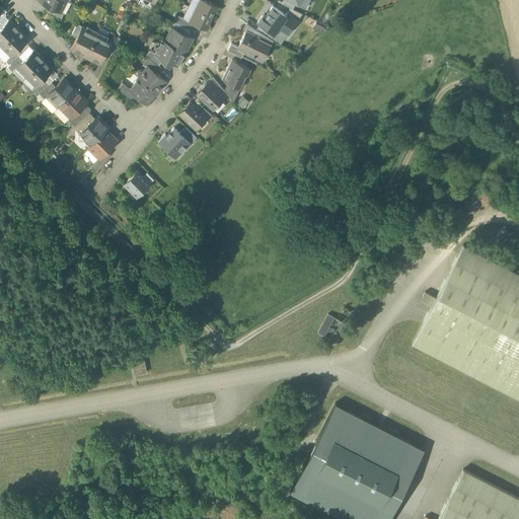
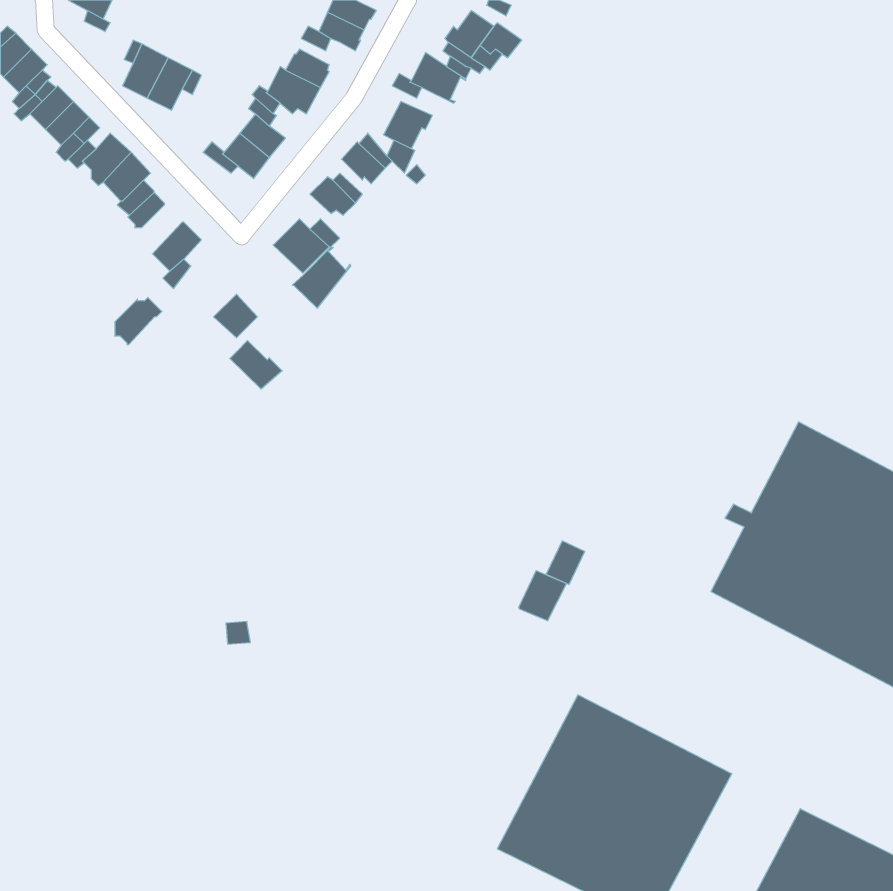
building: [83,120,110,147] -> [115,297,162,345]
building: none -> [292,247,351,308]
building: none -> [230,341,282,389]
building: none -> [519,571,567,621]

